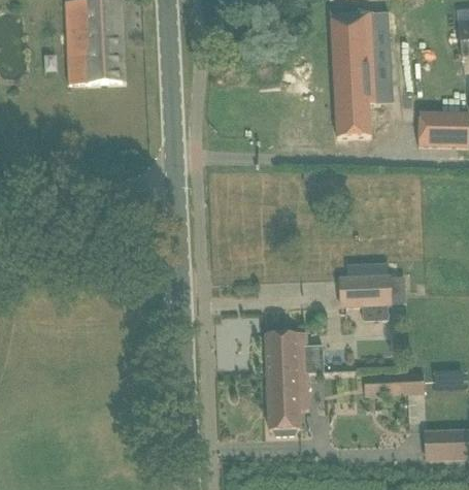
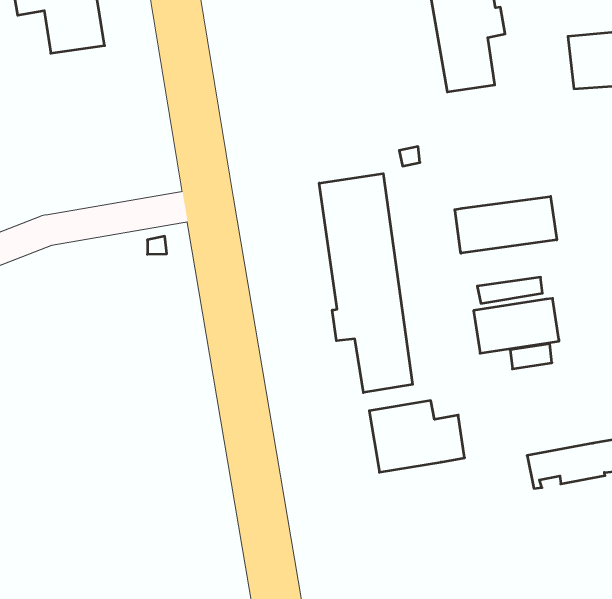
building: none -> [319,174,413,393]
building: none -> [455,196,557,253]
building: [267,373,308,435] -> none

